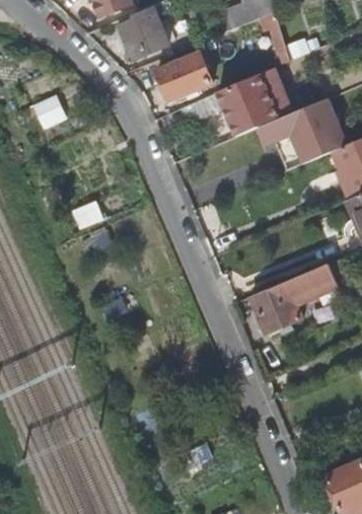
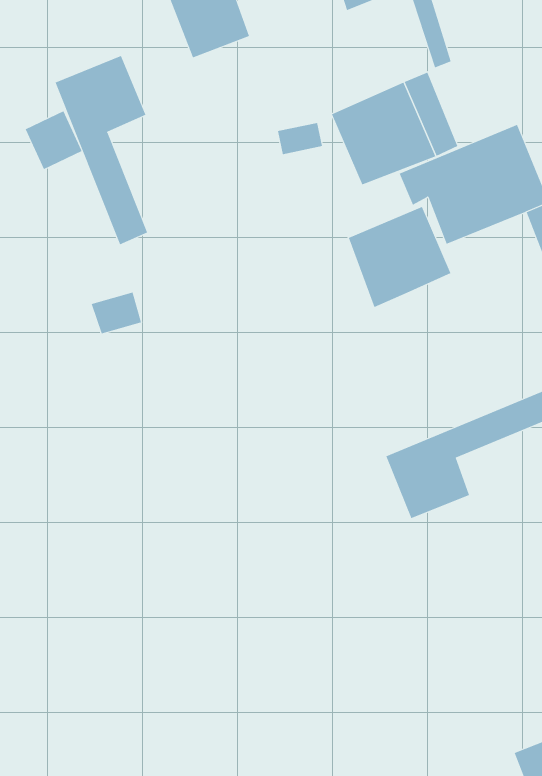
building: [158,51,214,97] -> none
building: none -> [55,55,148,245]
building: none -> [348,206,451,308]

